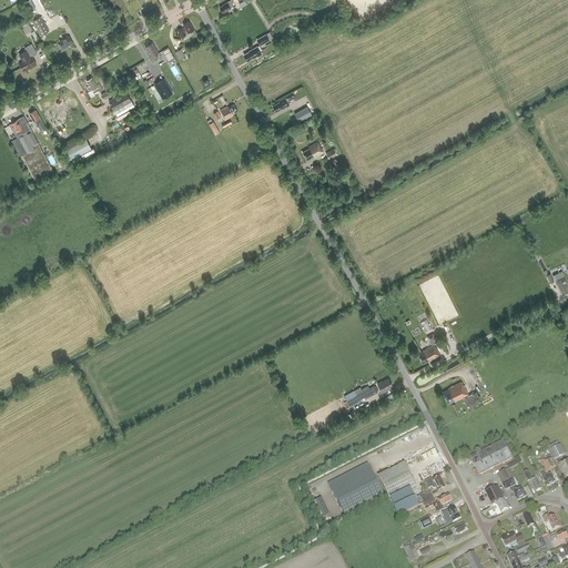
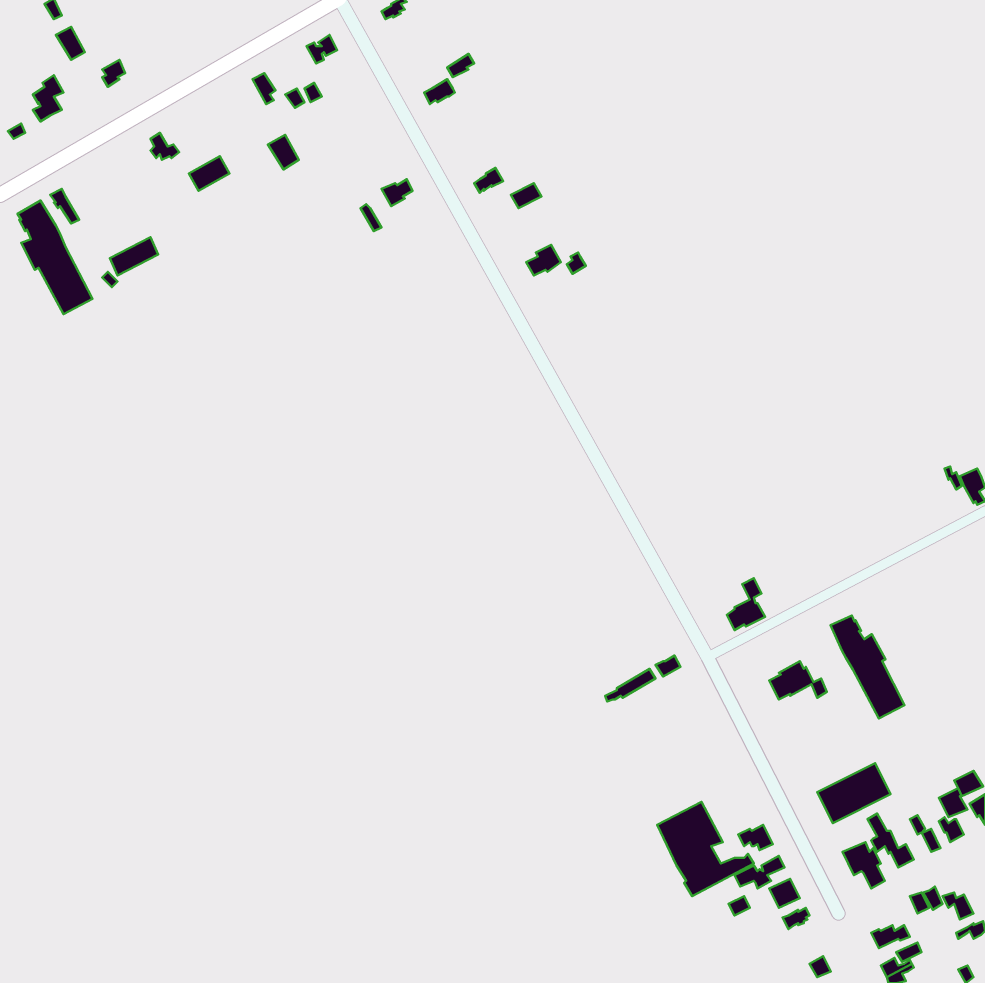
building: none -> [831,615,904,718]
building: [328,463,384,515] -> none

